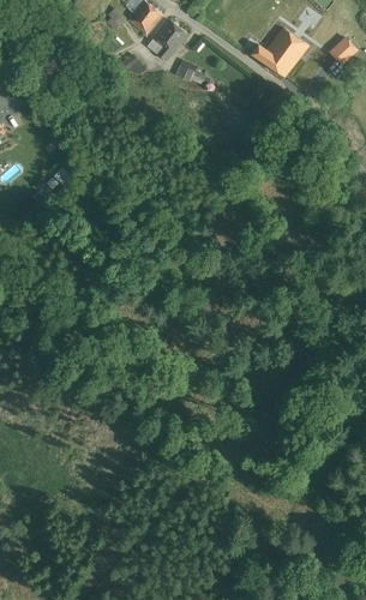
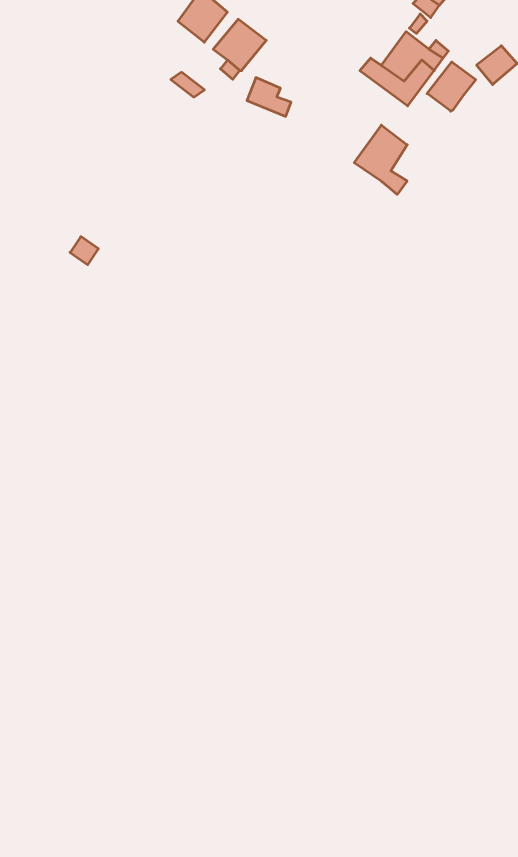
building: none -> [427,62,476,111]
building: none -> [354,125,407,194]

